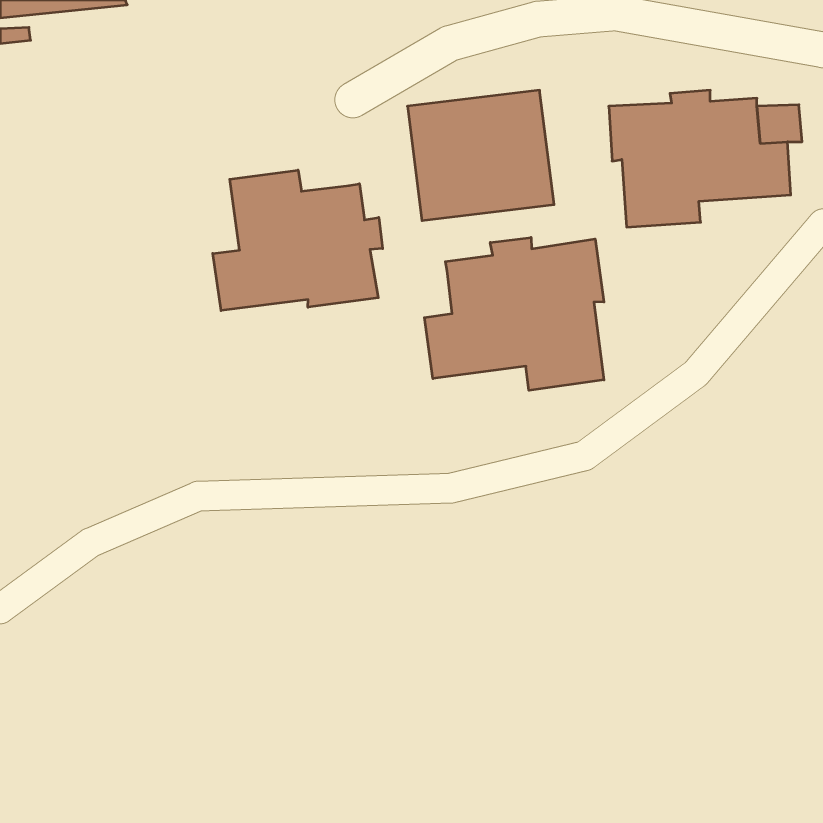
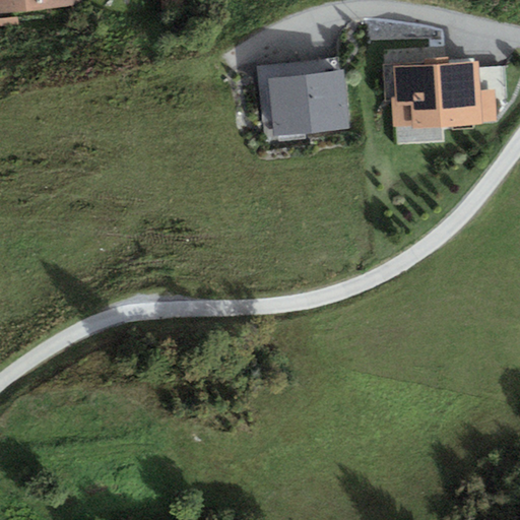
building: [213,170,383,311] -> none
building: [424,237,604,390] -> none

